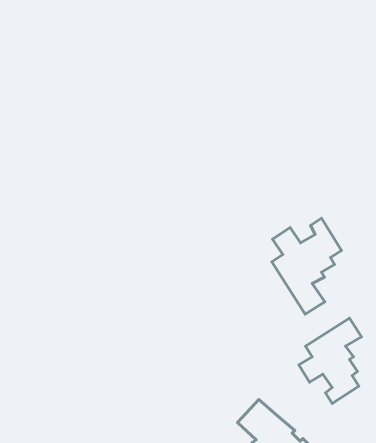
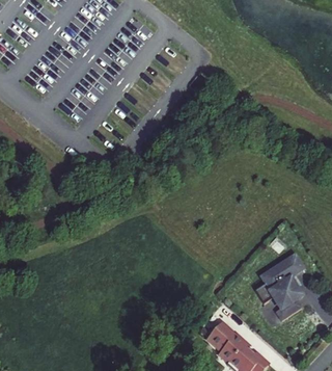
building: [272,218,342,314] -> none

